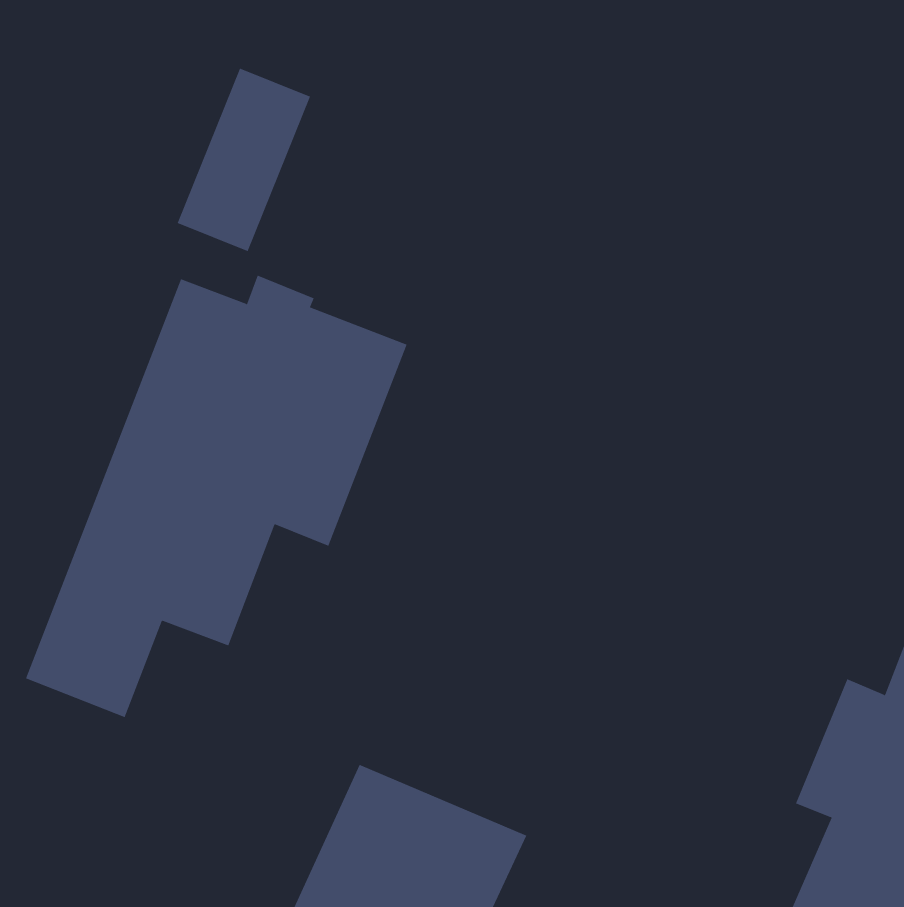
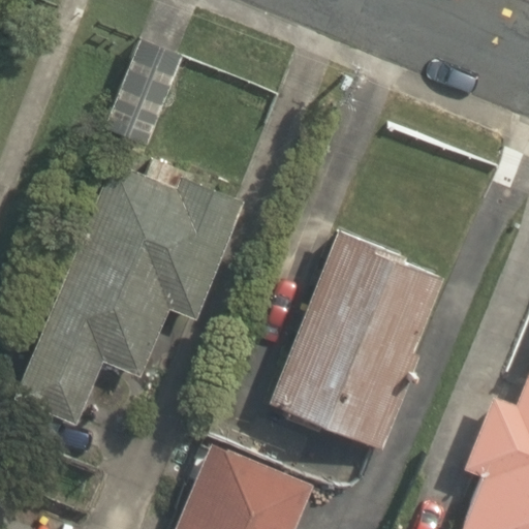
building: none -> [270,234,444,449]

